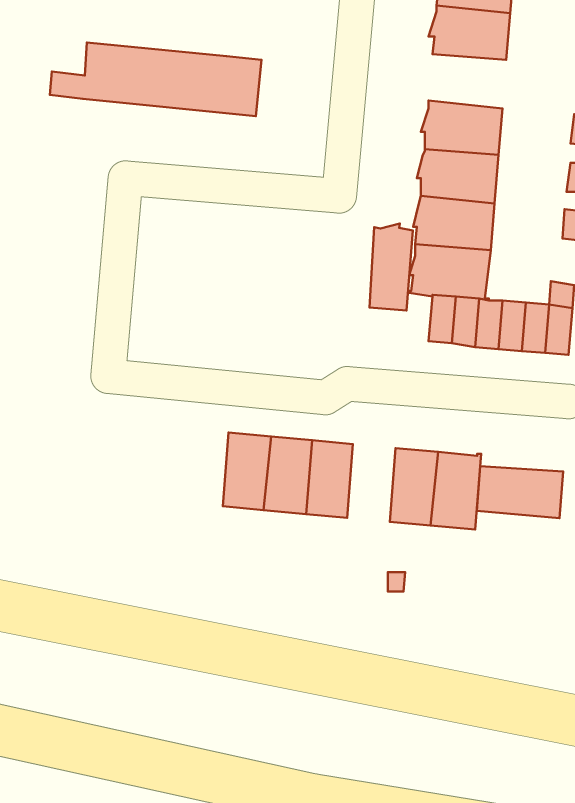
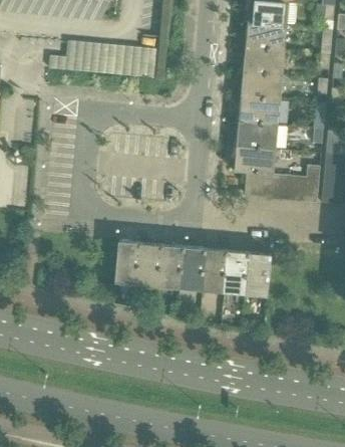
building: none -> [241,47,283,75]
building: [369,224,413,310] -> none
building: none -> [114,240,139,281]
building: none -> [201,249,226,289]
building: [477,466,563,518] -> none

